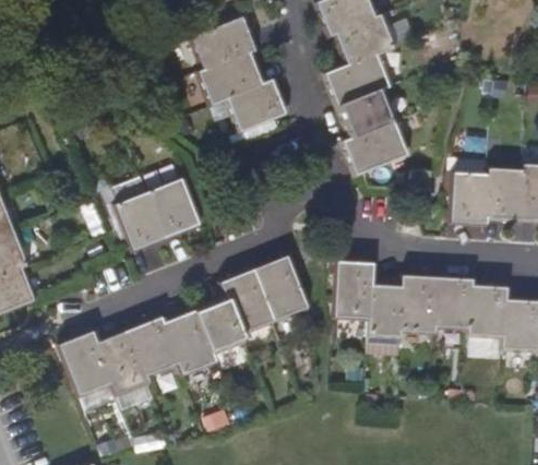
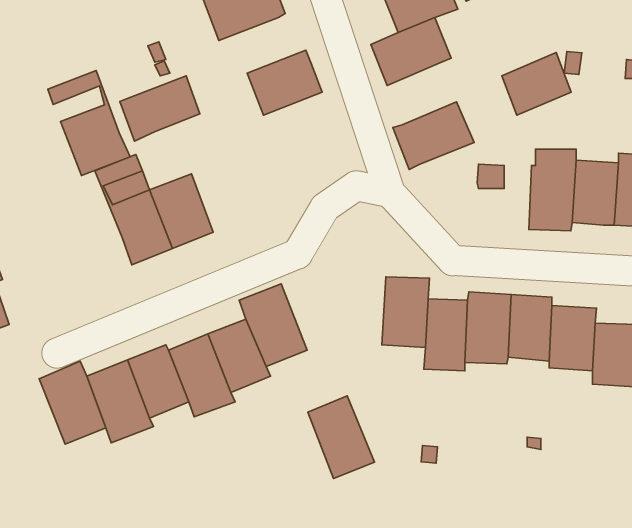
building: [198,53,262,106] -> [120,76,200,141]
building: [338,90,394,140] -> [502,53,571,115]
building: none -> [48,70,130,176]
building: [253,254,307,321] -> [308,396,374,479]

